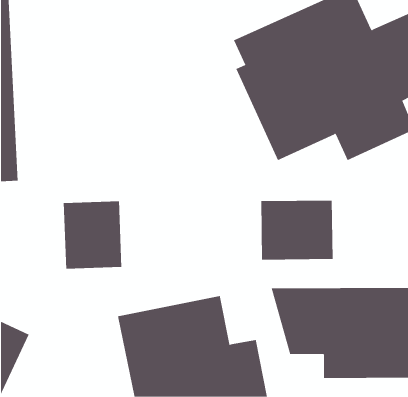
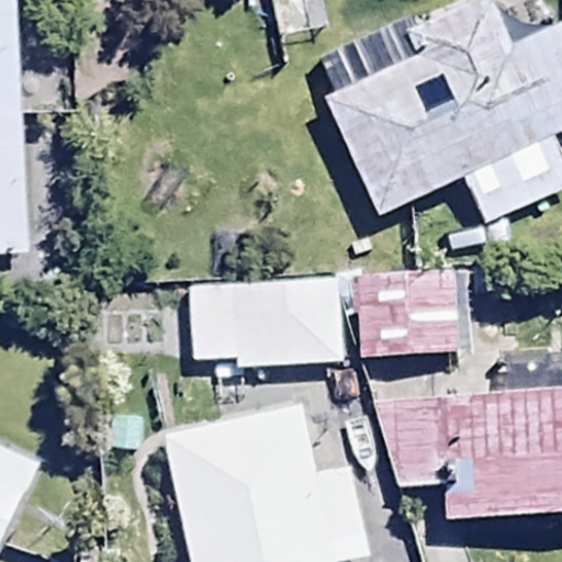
building: none -> [187,273,341,368]
building: [63,201,122,270] -> none

